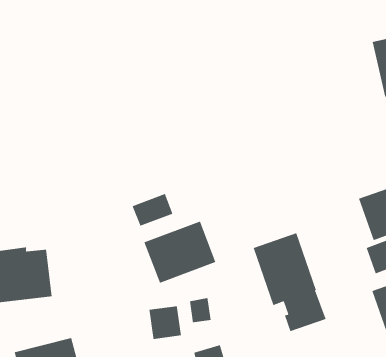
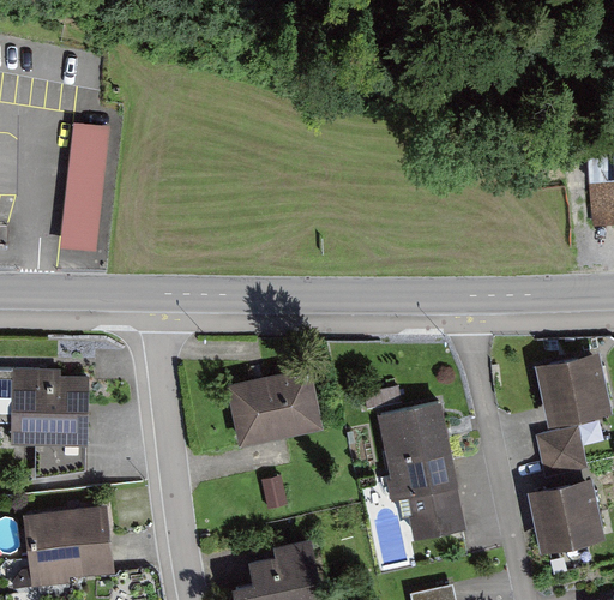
building: none -> [59,124,112,254]
building: [132,193,173,227] -> none
building: [149,305,182,340] -> none

